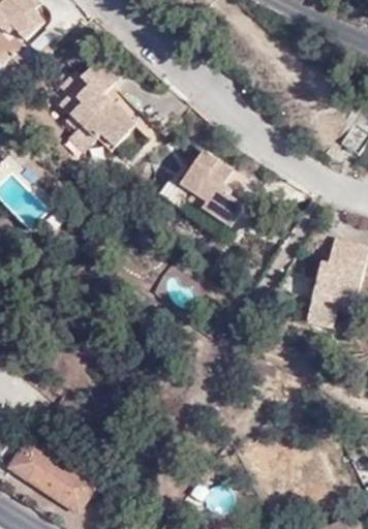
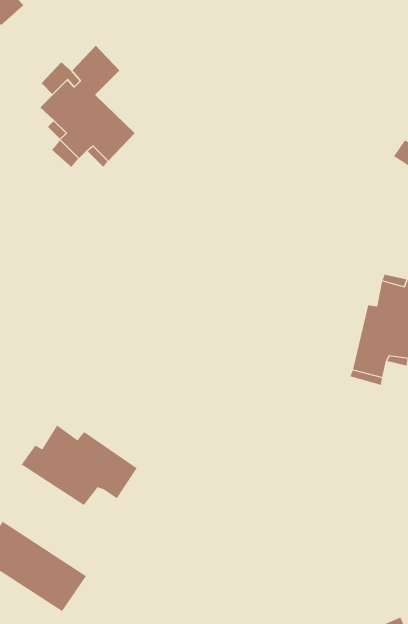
building: [181,152,246,229] -> none
building: none -> [21,425,137,506]

